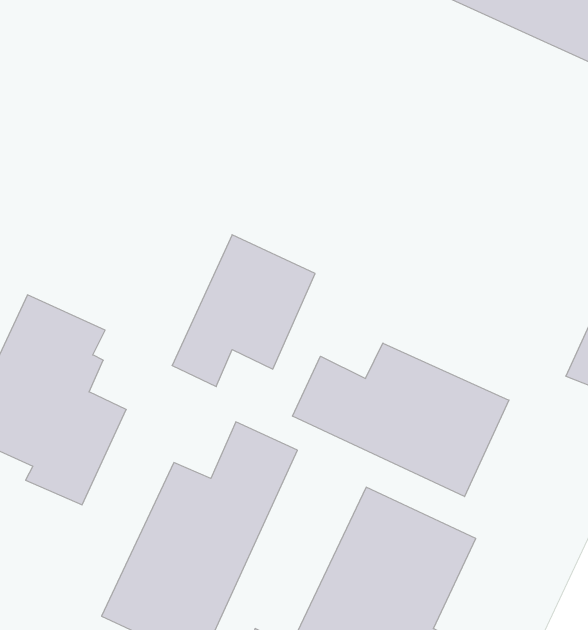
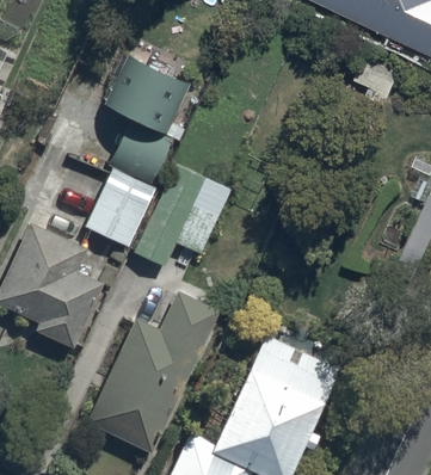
building: none -> [85,56,190,247]
building: [293,343,509,497] -> none

